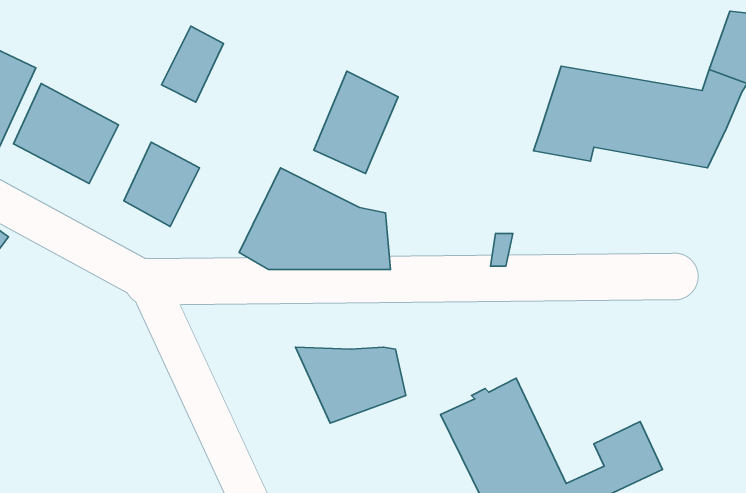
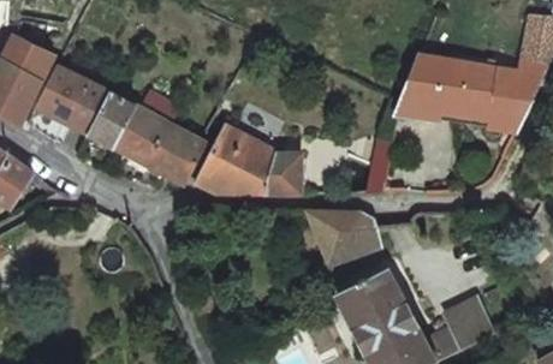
building: [162,26,224,102] -> [91,95,135,148]
building: [314,71,398,173] -> none
building: none -> [148,125,206,186]
building: [296,347,406,423] -> [307,211,383,264]

